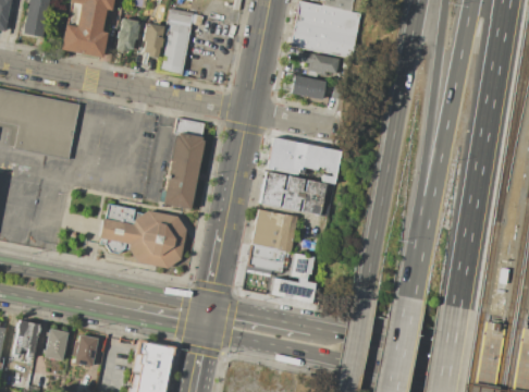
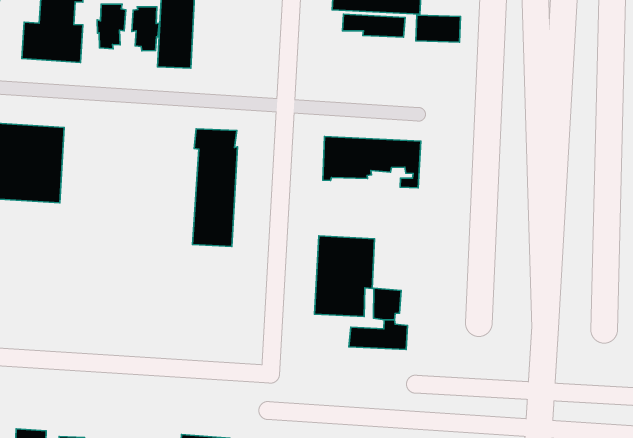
building: [291,75,325,99] -> [416,15,460,42]
building: [260,171,331,217] -> none
building: [103,205,190,268] -> none

